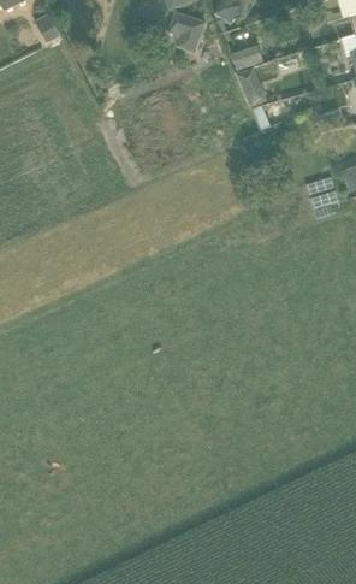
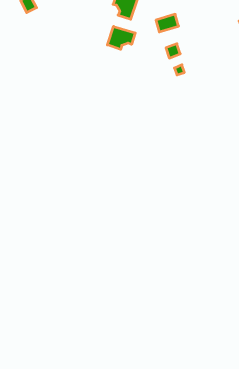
building: none -> [107,26,135,49]

